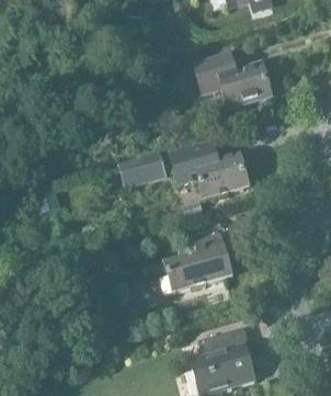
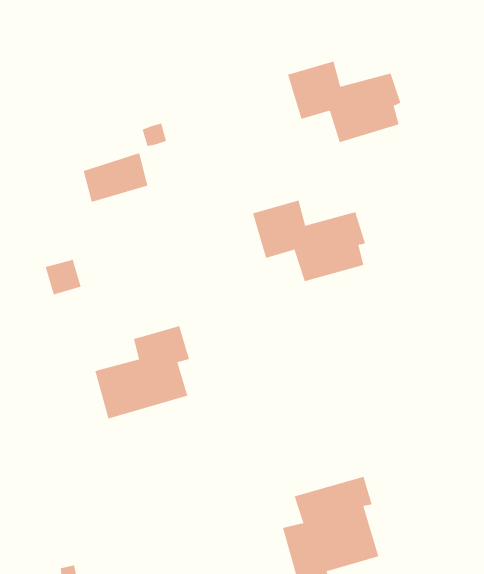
building: [121,154,163,186] -> [83,152,148,203]
building: [164,230,227,292] -> [95,326,190,419]

